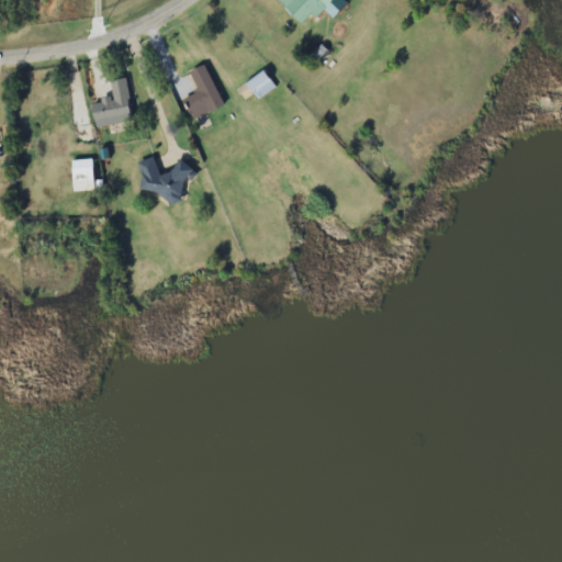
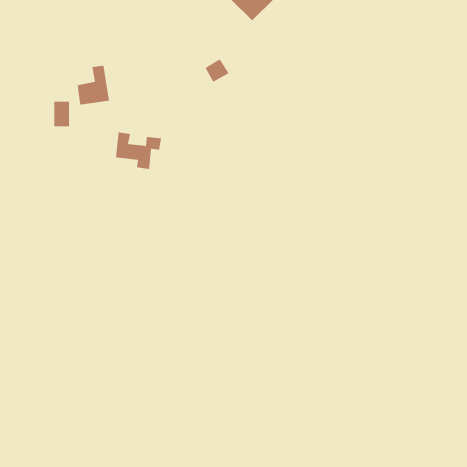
building: [183,64,223,119] -> none
building: [72,159,92,190] -> [53,101,70,127]

